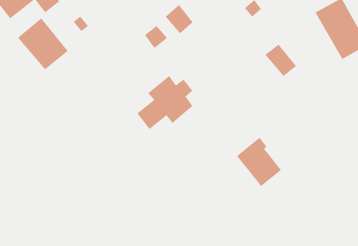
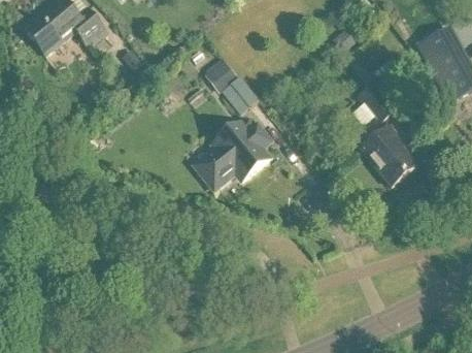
building: [165,4,194,34] -> [222,76,257,113]
building: [17,18,69,70] -> none
building: [236,137,282,187] -> [361,125,416,186]

